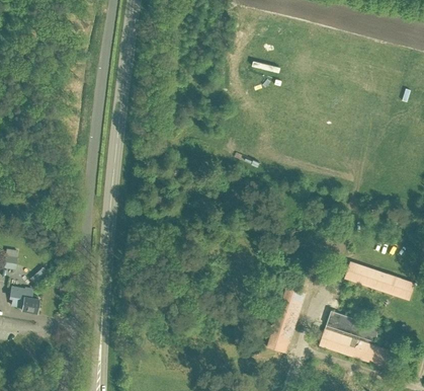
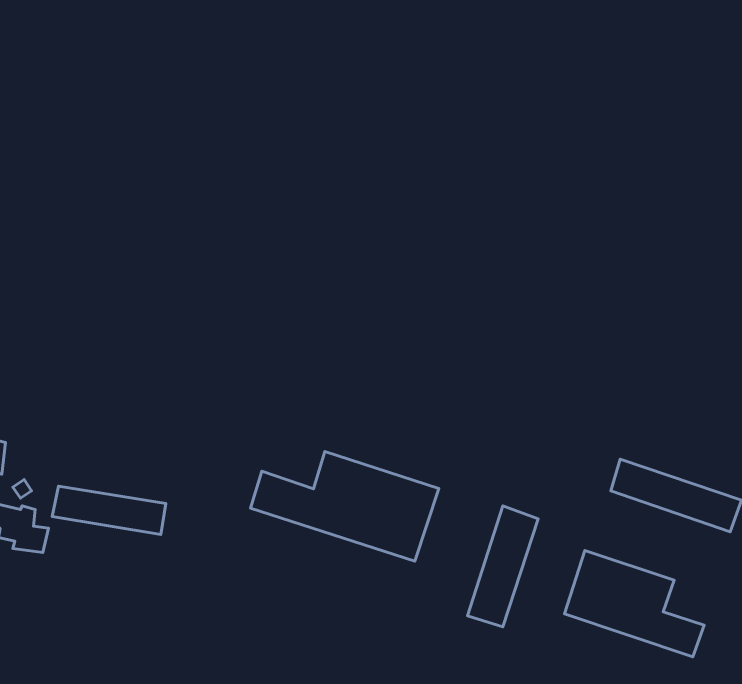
building: none -> [251,452,439,561]
building: none -> [52,486,166,535]

